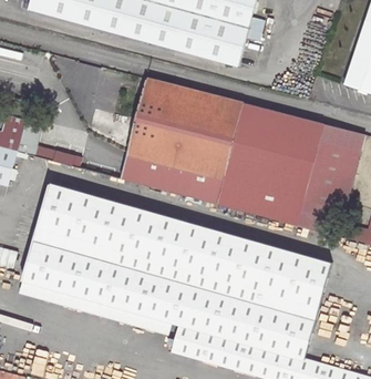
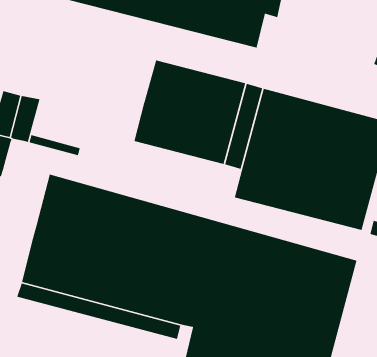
building: [121,153,225,204] -> none

